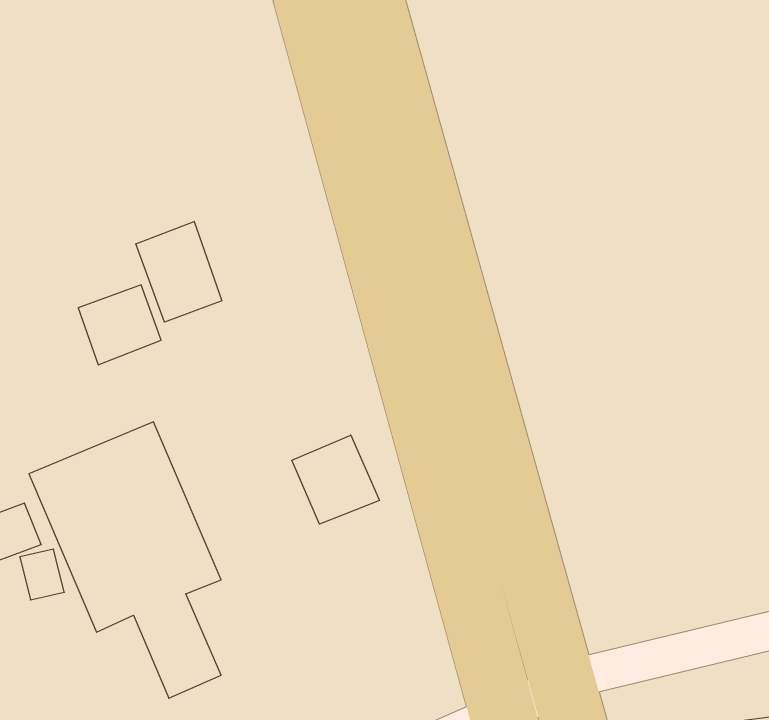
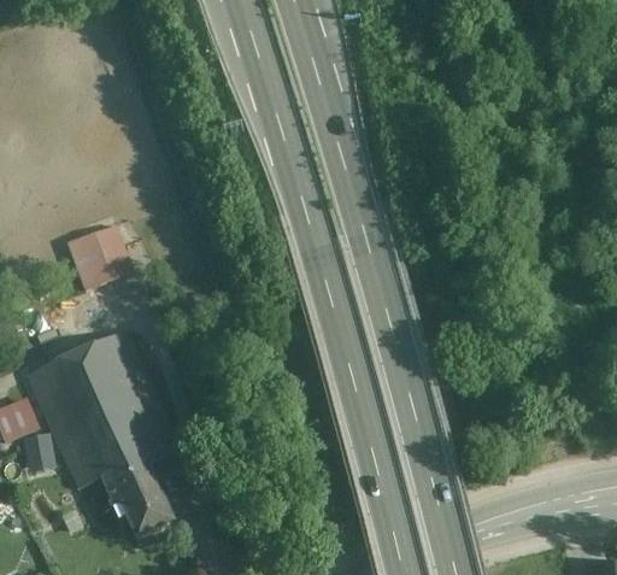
building: [136,221,222,322] -> none
building: [292,435,379,524] -> none

